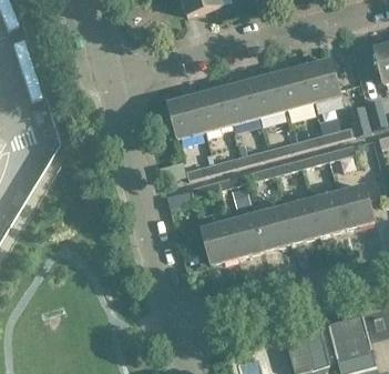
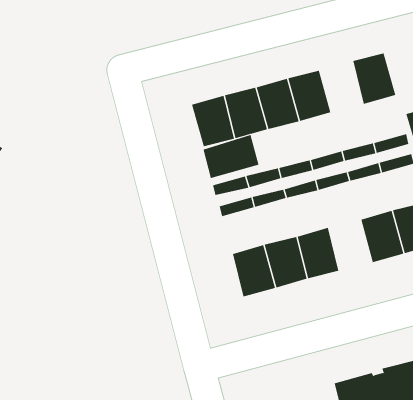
building: [275,65,311,109] -> none
building: none -> [203,134,259,179]
building: [283,199,319,242] -> none

